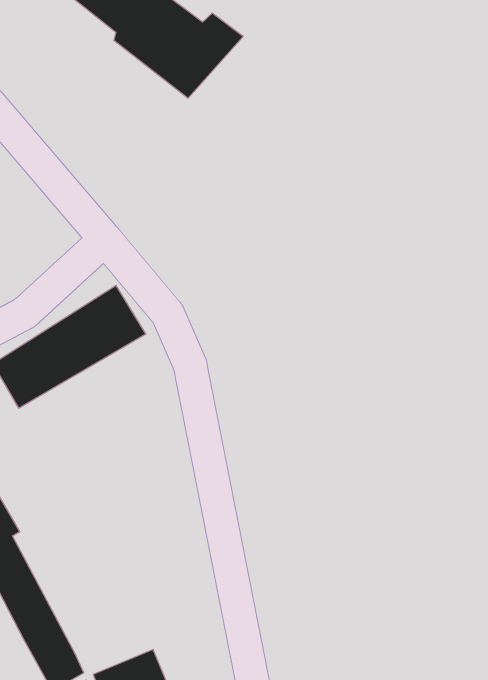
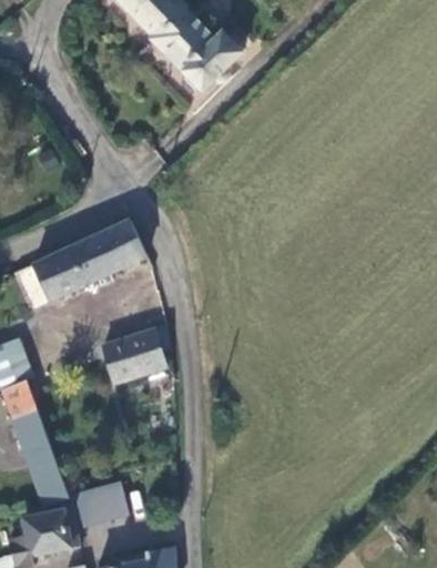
building: none -> [100,326,170,383]

